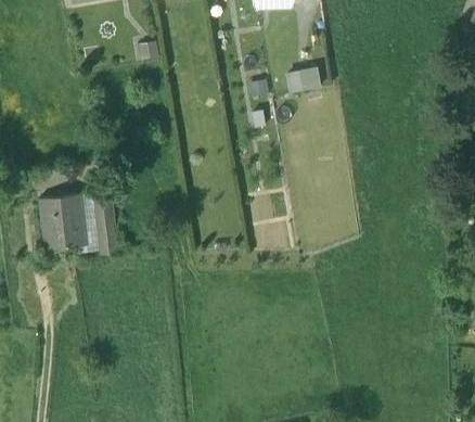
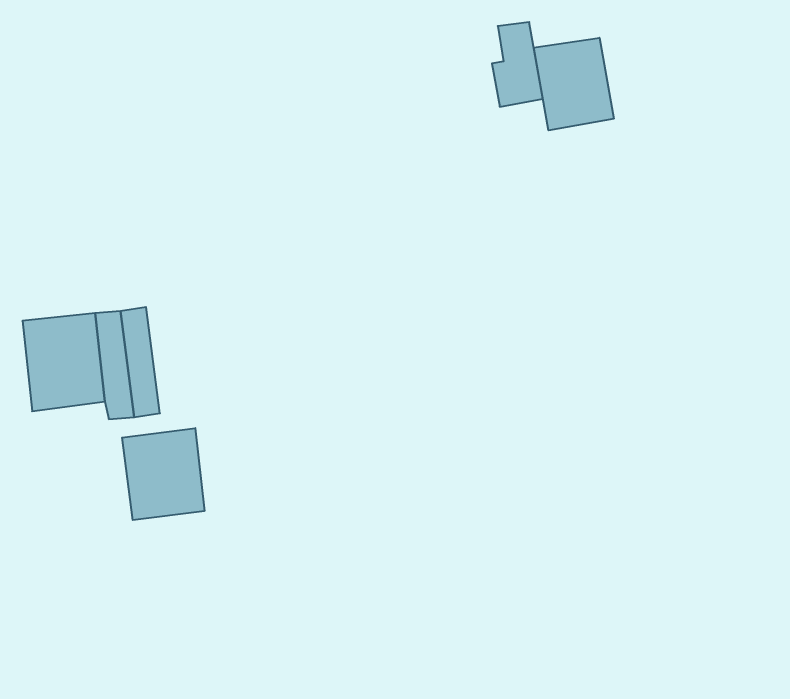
building: none -> [534,38,614,130]
building: none -> [122,428,204,520]

